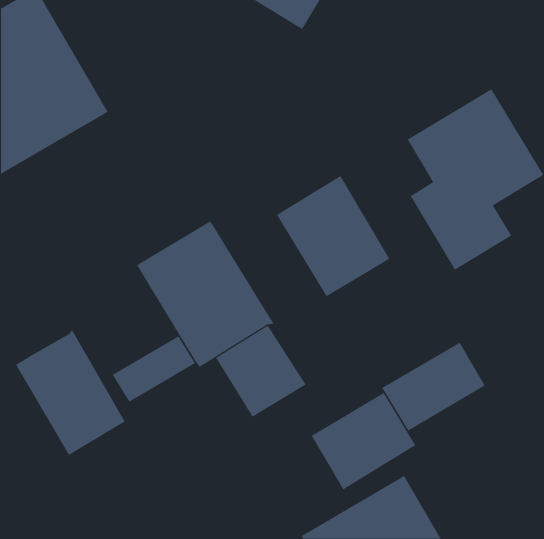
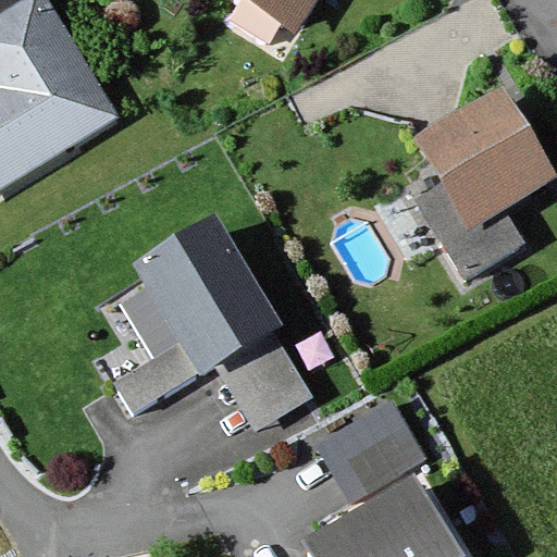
building: [276,175,390,297] -> none
building: [16,329,126,456] -> none
building: [382,342,485,432] -> none

